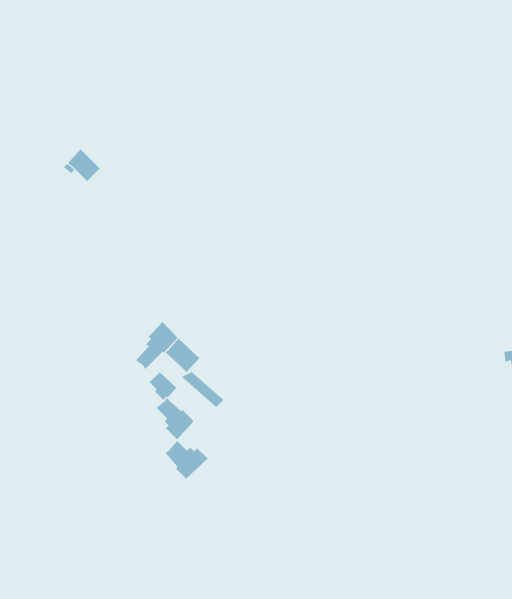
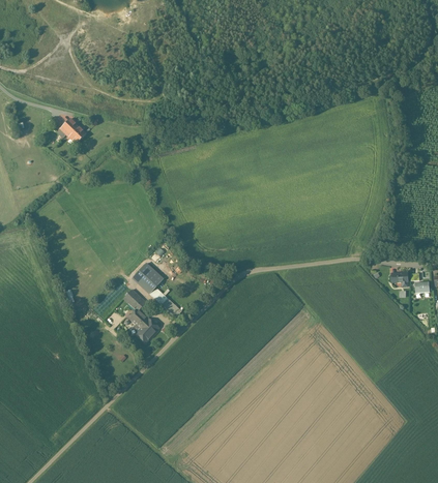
building: [135,321,179,370] -> none
building: [164,440,208,480] -> none

